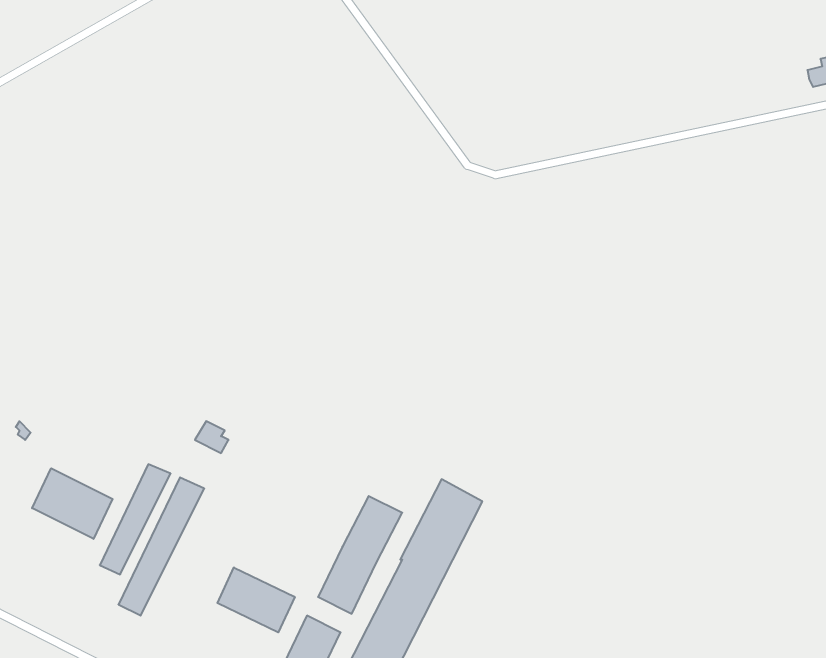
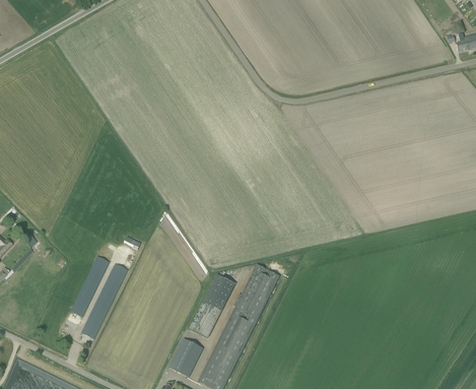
building: [32,468,113,539] -> none
building: [217,567,295,632] -> none

